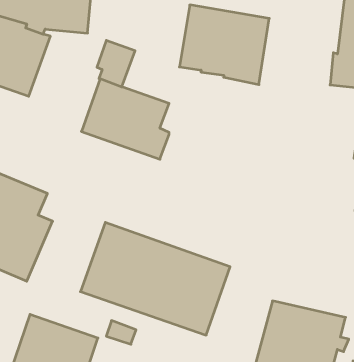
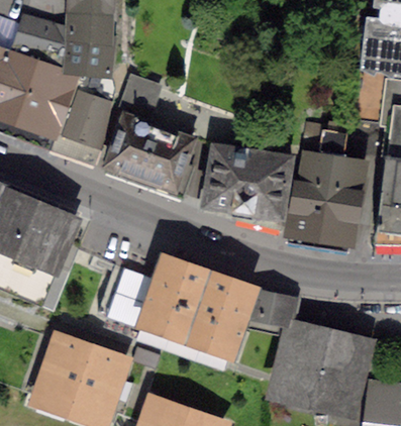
building: [179,5,269,85] -> [205,140,293,218]
building: none -> [55,71,113,161]
building: none -> [291,121,365,239]
building: none -> [244,293,296,334]

